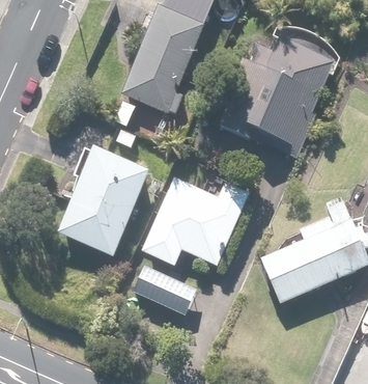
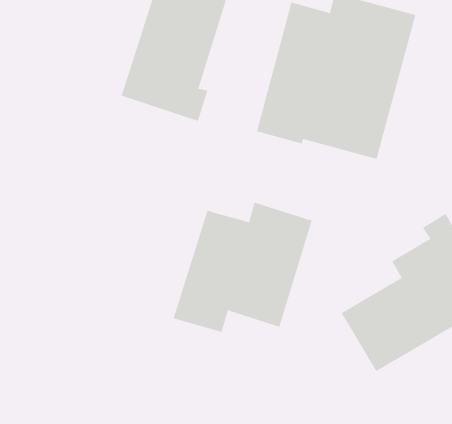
building: [58,143,153,256] -> none
building: [132,265,196,313] -> none

